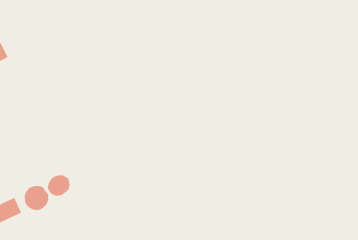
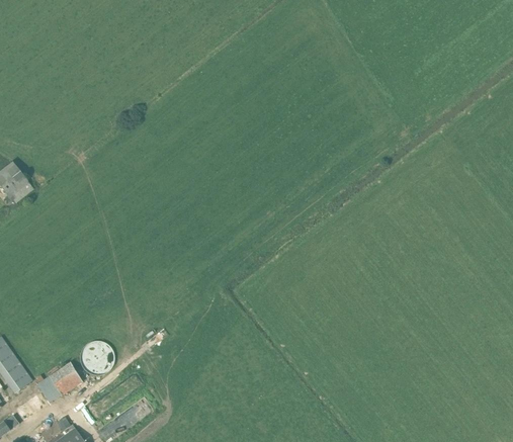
building: [47,174,70,196] -> none

